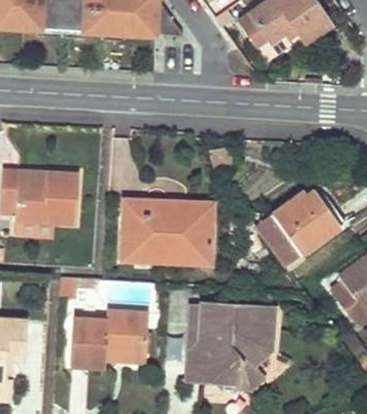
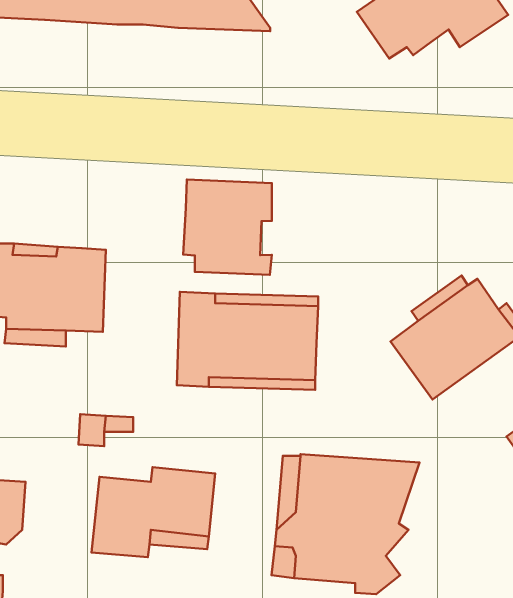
building: none -> [183,179,272,275]

